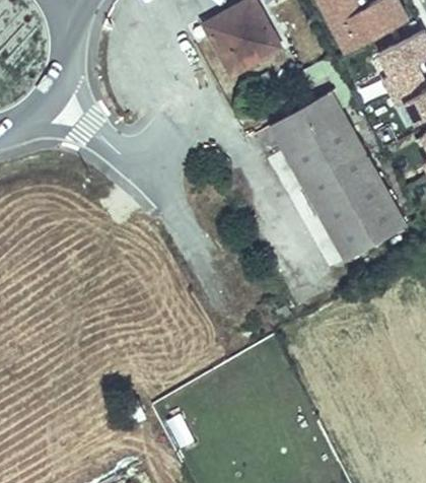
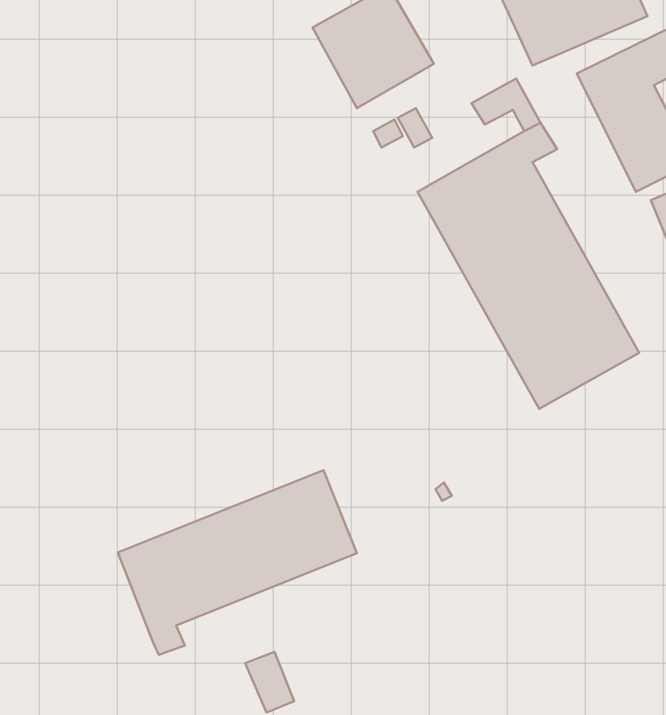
building: none -> [118,470,357,655]

